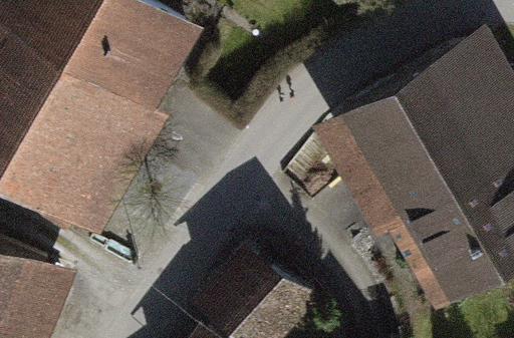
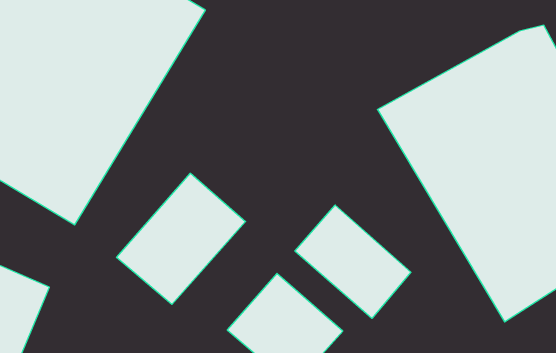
building: none -> [117,173,246,304]
building: none -> [295,205,411,318]

